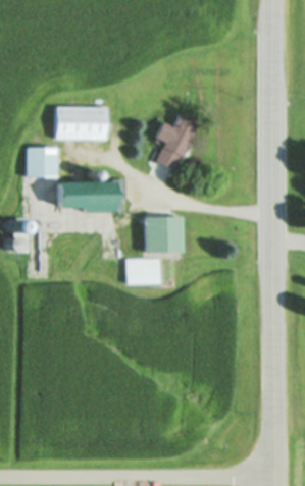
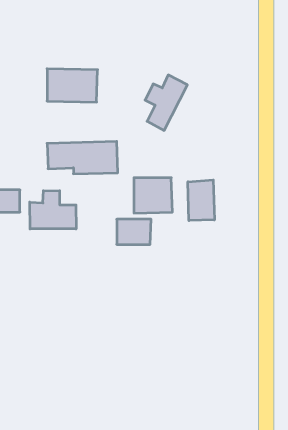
building: [27,148,58,177] -> none
building: none -> [188,180,214,221]
building: none -> [30,191,76,229]

